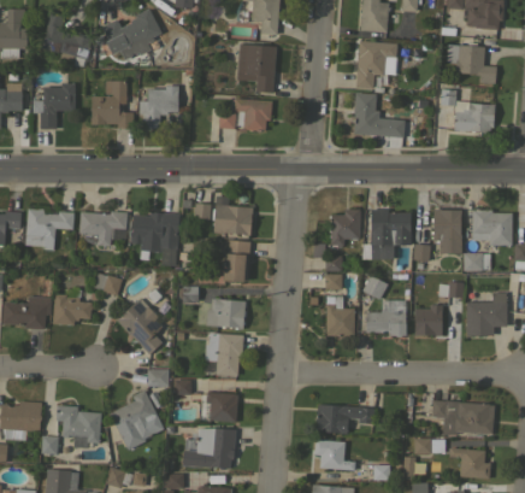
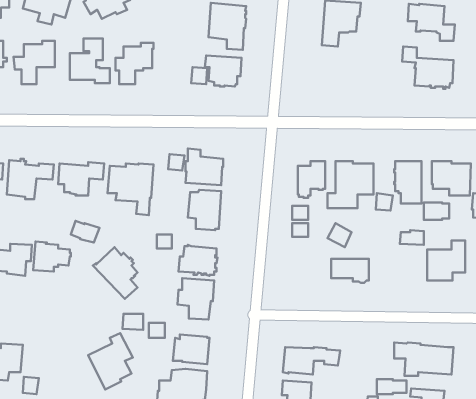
building: [354,92,406,137] -> none
building: [326,297,355,336] -> none
building: [414,305,443,336] -> none
building: [57,405,101,448] -> none

